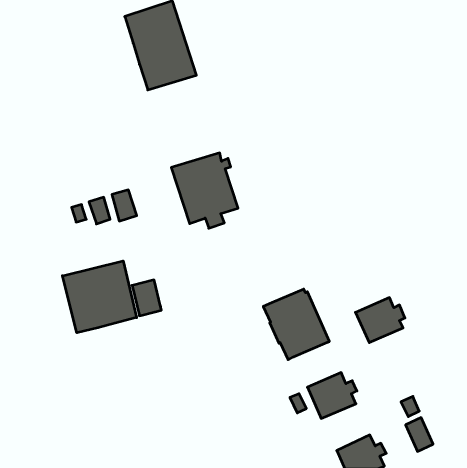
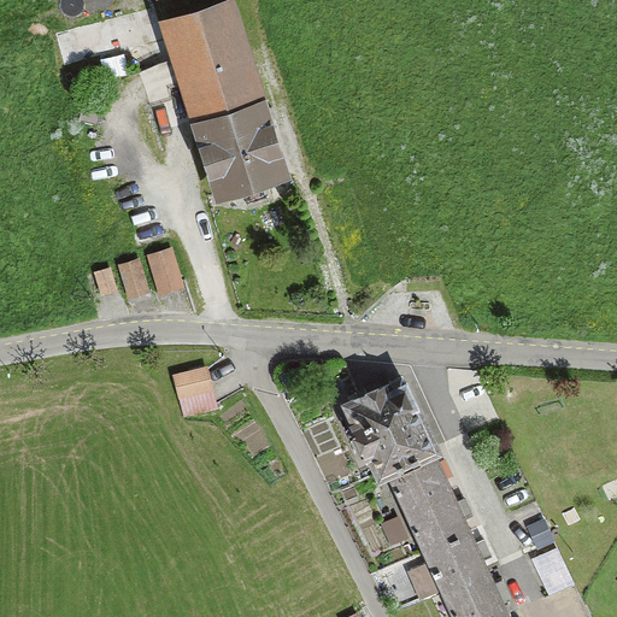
building: [171,153,238,228] -> [194,100,282,199]
building: [62,261,137,333] -> none
building: [355,298,405,343] -> [386,451,451,510]
building: none -> [409,531,488,597]

